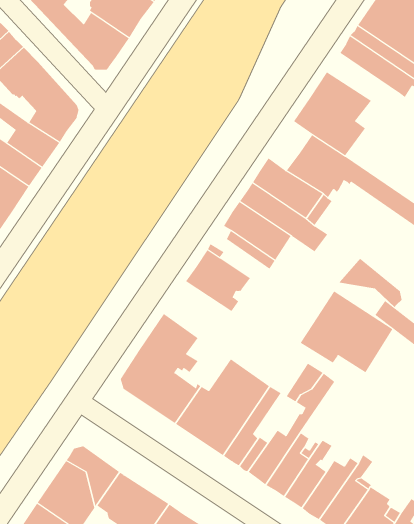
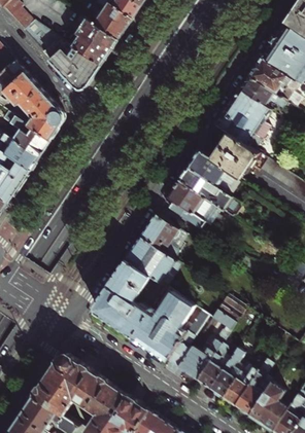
building: none -> [239,75,291,117]
building: [338,258,402,308] -> none
building: none -> [124,237,179,286]
building: [300,291,393,373] -> none

